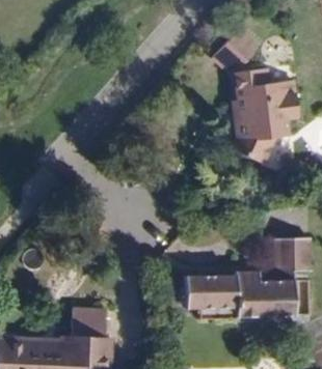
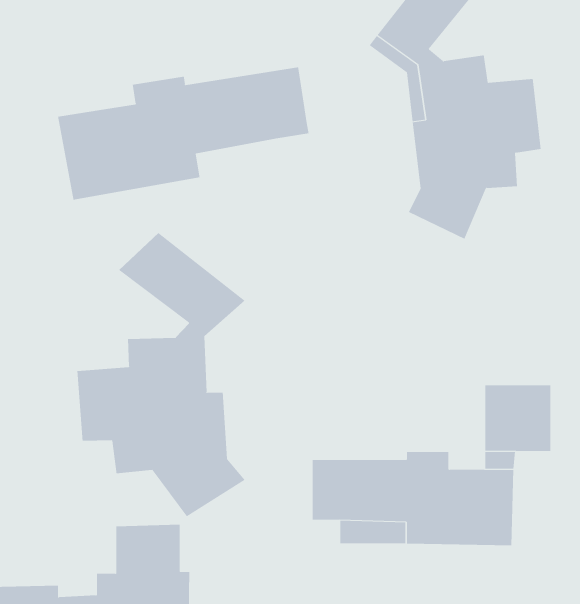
building: none -> [58,66,309,200]
building: none -> [77,232,246,517]

